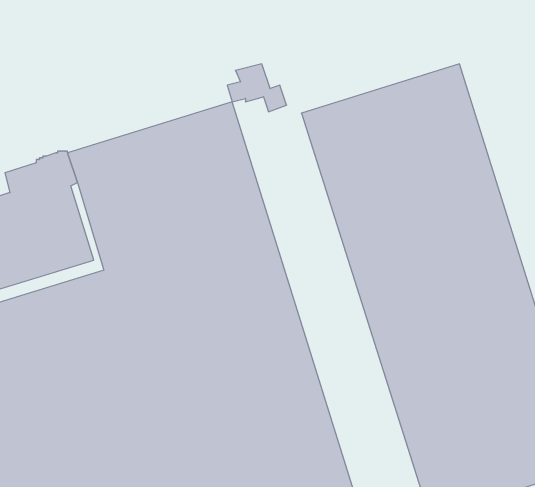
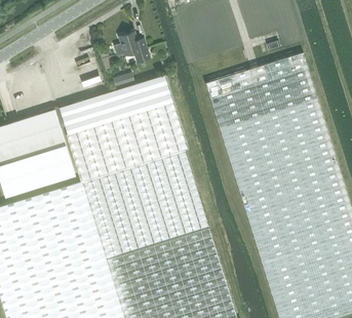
building: [227,64,287,112] -> [113,32,150,62]

